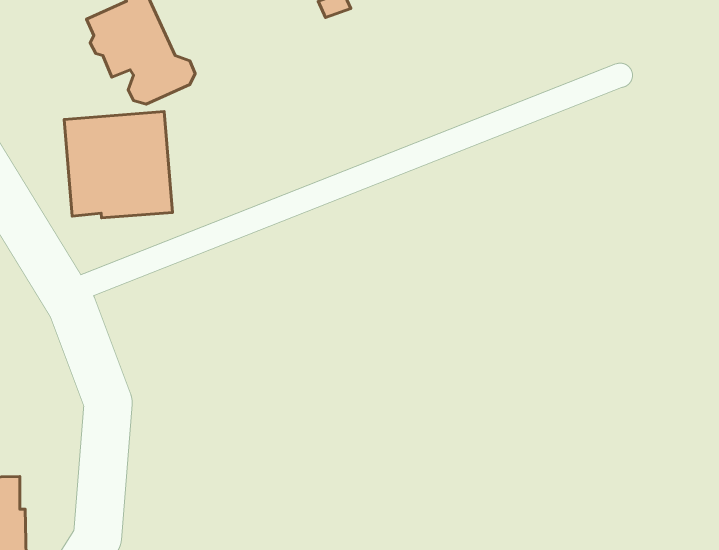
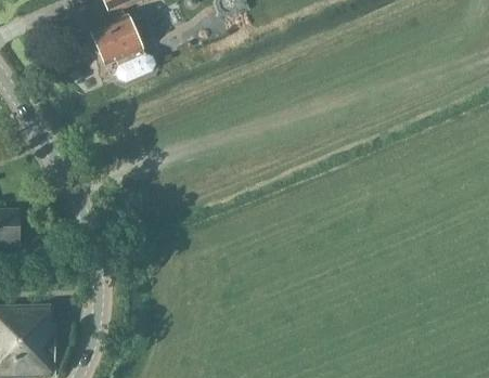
building: [64,112,173,218] -> none

